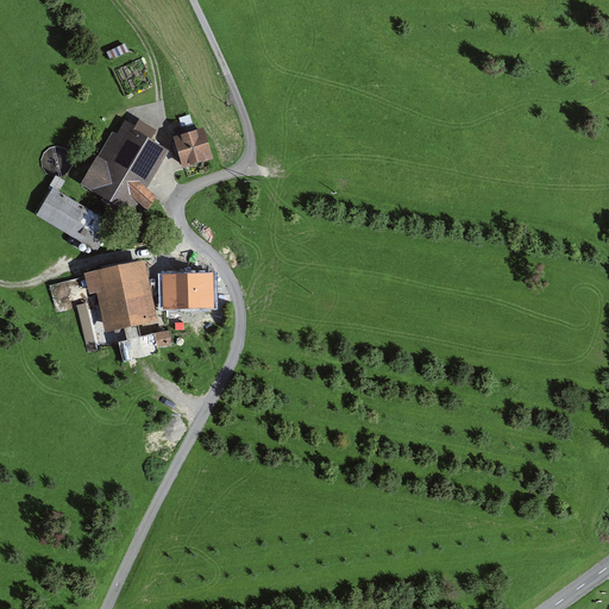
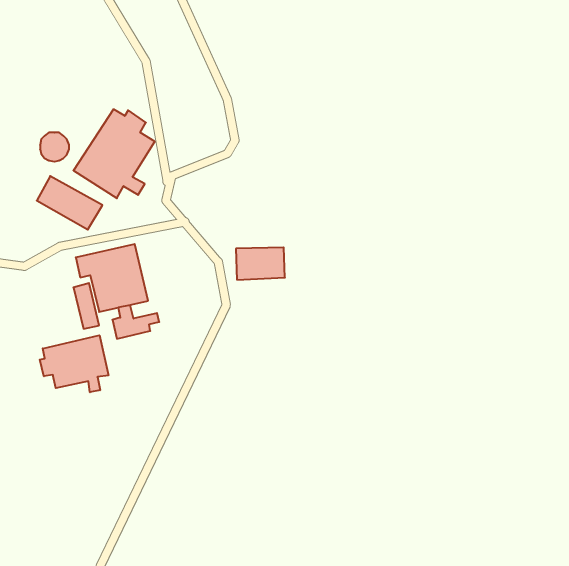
building: [175,125,211,164] -> none
building: [163,275,215,309] -> [236,247,285,280]
building: none -> [40,335,108,392]

